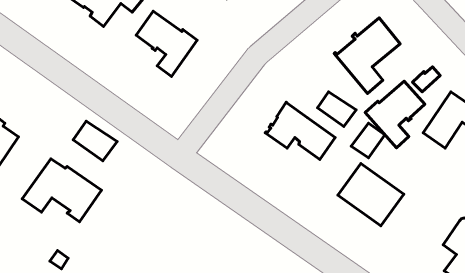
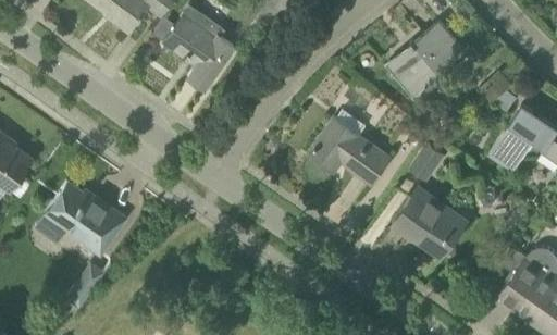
building: [365,81,425,148] -> none
building: [317,92,356,126] -> none
building: [73,121,117,161] -> none

